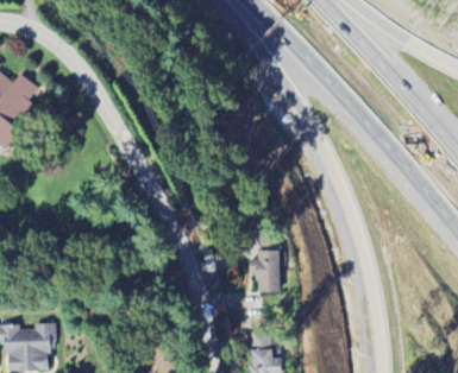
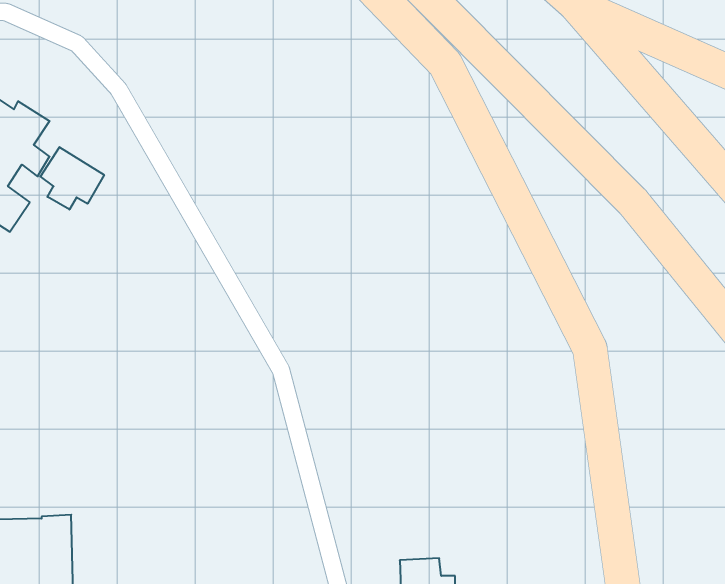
building: none -> [40,147,104,210]
building: [250,235,282,291] -> none

